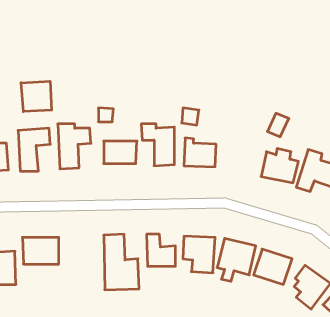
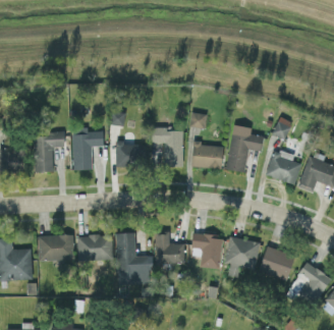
building: [21,81,52,112] -> none
building: none -> [226,125,263,172]
building: none -> [76,234,112,261]

